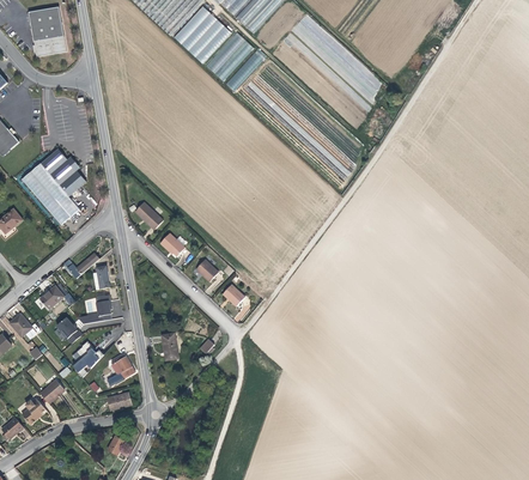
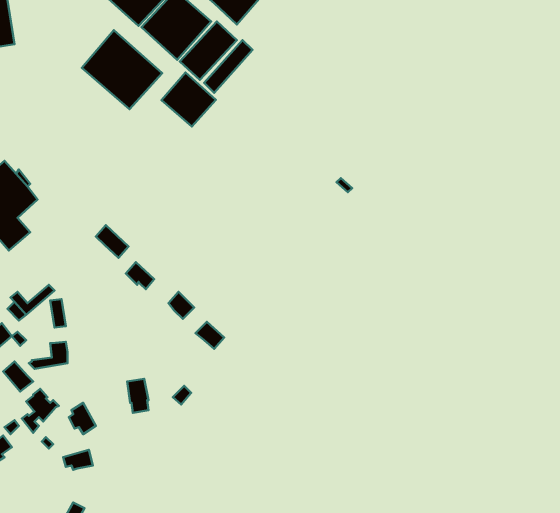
building: none -> [82,30,162,109]
building: none -> [161,72,216,126]

